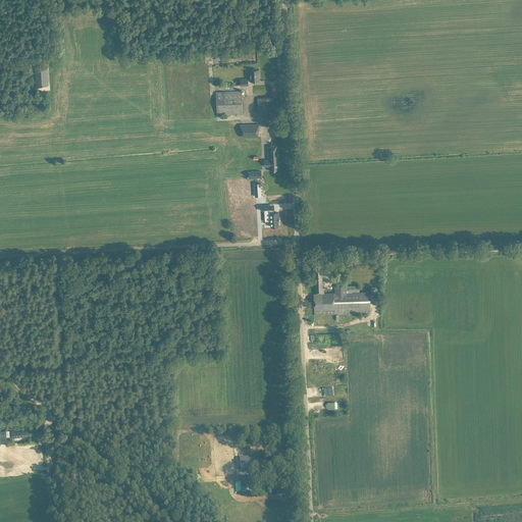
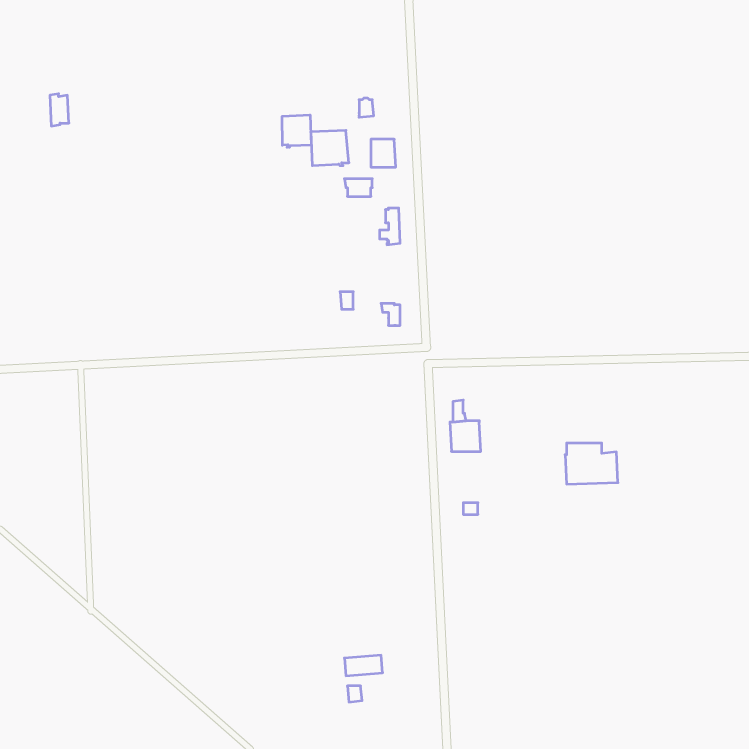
building: none -> [282,115,311,147]
building: [333,285,370,314] -> [565,443,618,484]

